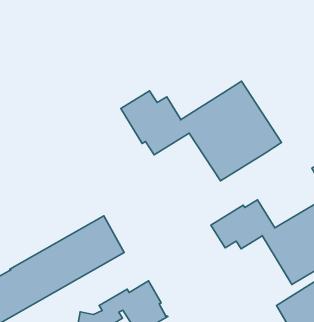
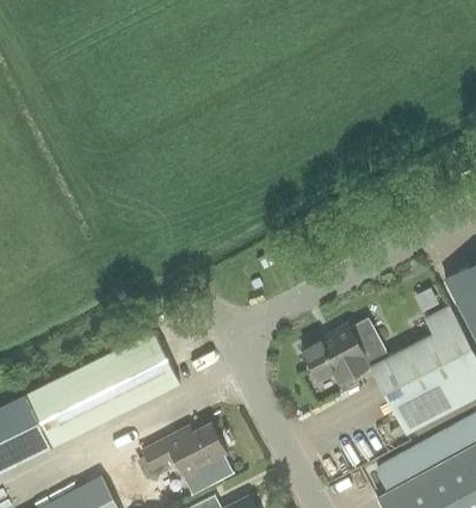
building: [121,81,282,181] -> none

